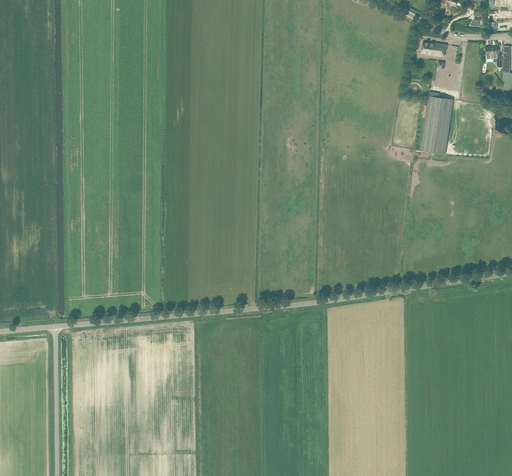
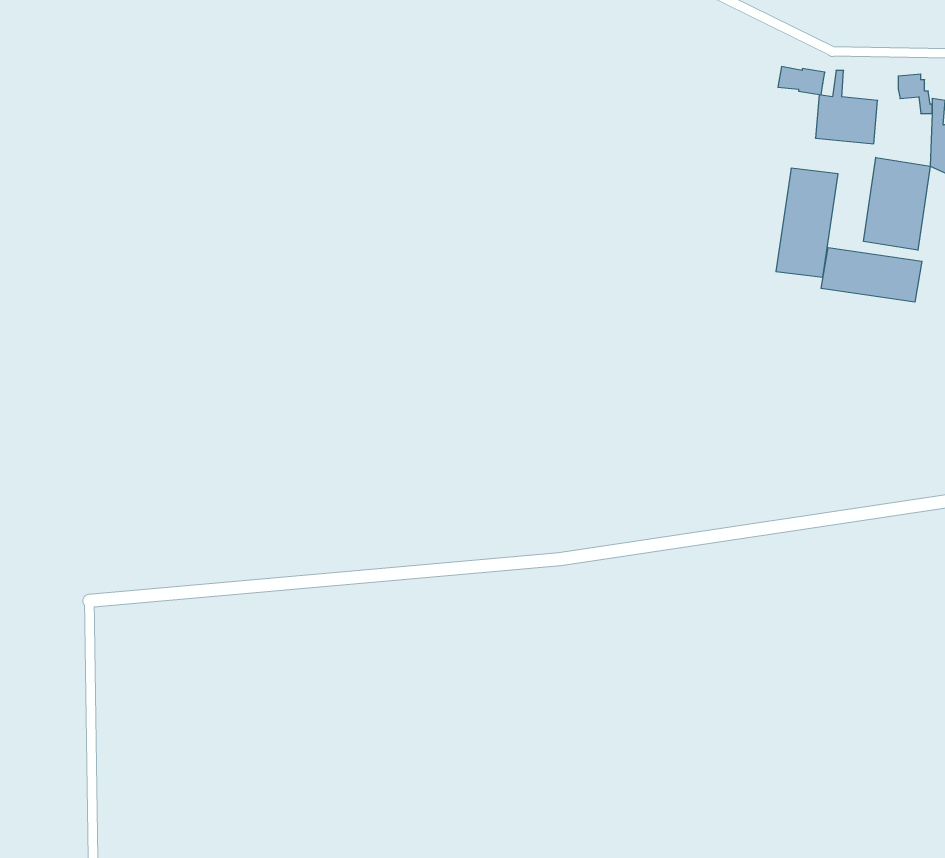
building: none -> [864,157,930,250]
building: none -> [821,248,922,302]

